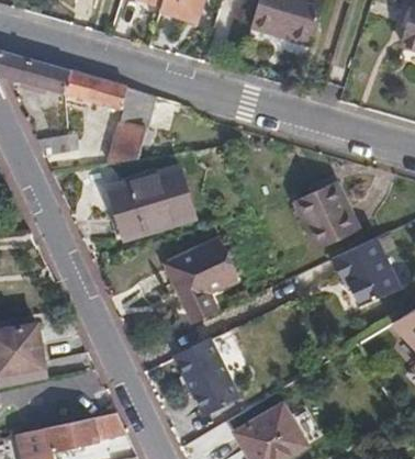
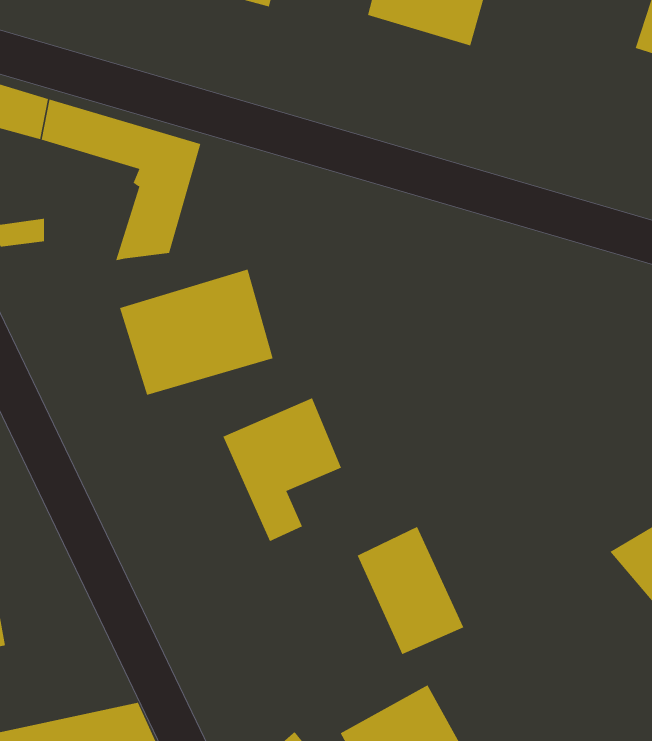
building: [294,180,360,248] -> none
building: [333,237,396,302] -> none
building: [178,339,238,412] -> [357,526,464,655]

